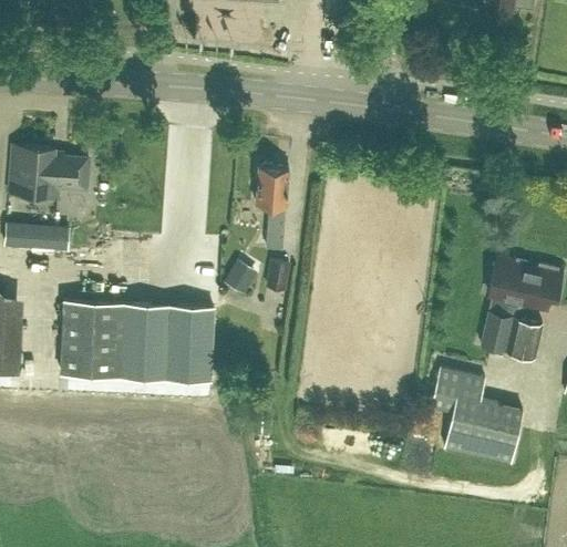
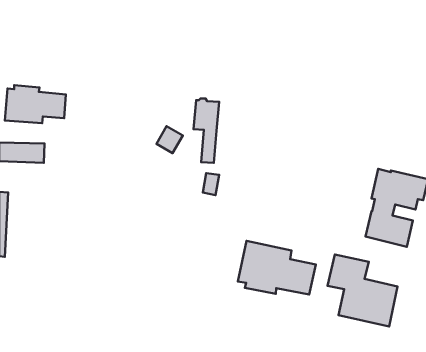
building: [223,261,257,297] -> [156,126,183,153]
building: [61,302,214,381] -> none
building: none -> [238,241,316,295]

